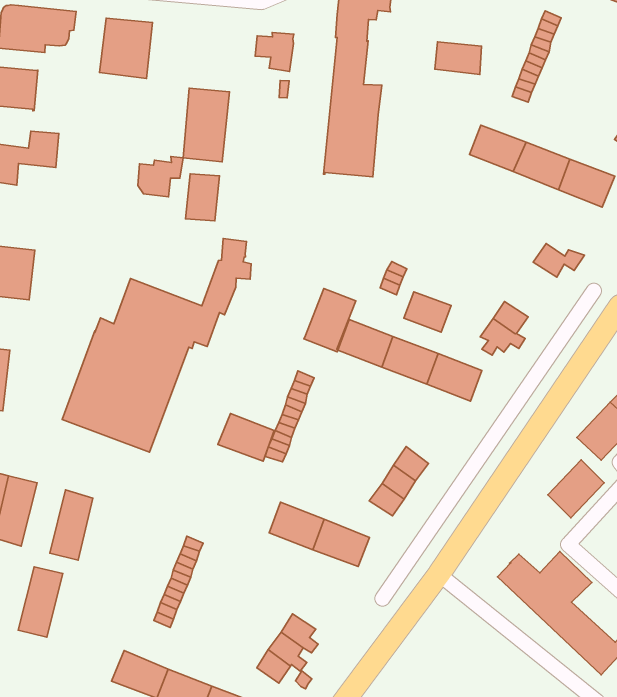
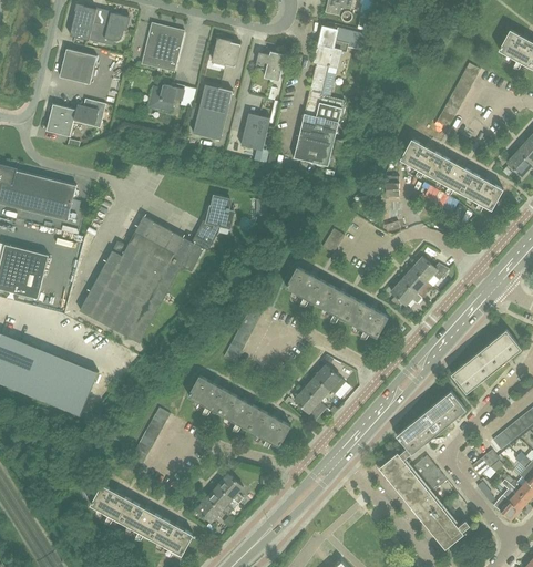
building: none -> [212,40,240,68]
building: [435,42,481,74] -> none
building: [138,157,183,197] -> [150,84,185,113]
building: [185,174,220,221] -> [240,114,269,151]
building: [533,244,585,277] -> [411,257,449,282]
building: [304,289,356,352] -> none
building: [404,292,451,332] -> none
building: [218,414,274,461] -> [187,375,229,413]
building: none -> [396,413,438,454]
building: [18,567,63,637] -> [38,354,75,406]

